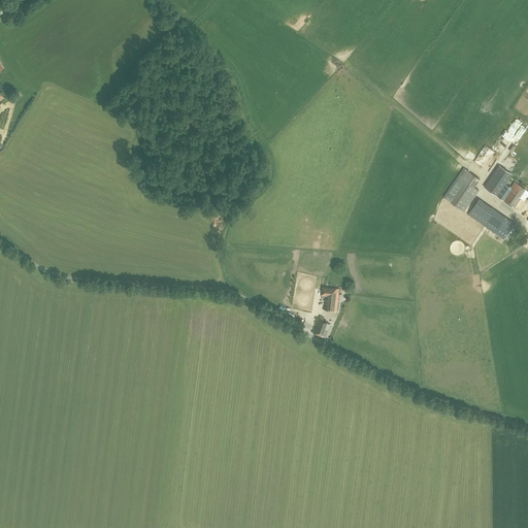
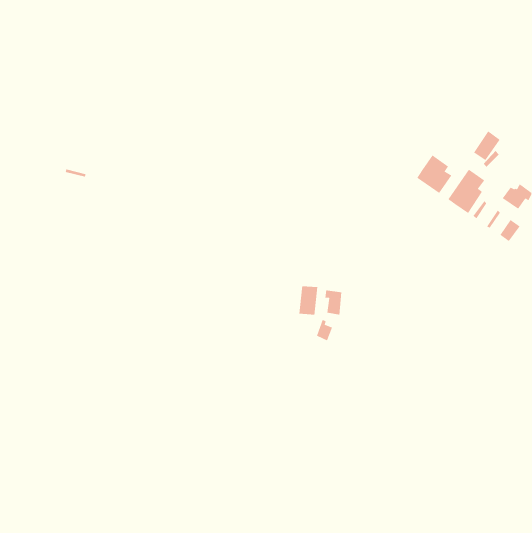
building: none -> [416,155,452,194]
building: [484,165,510,195] -> [473,131,500,161]

